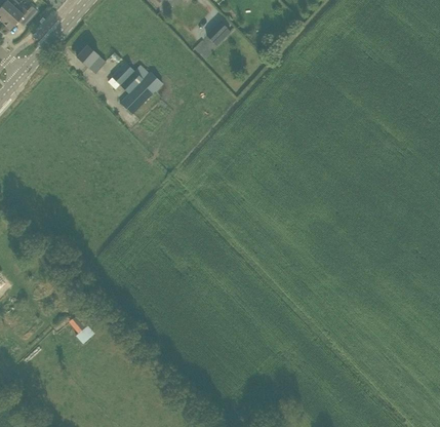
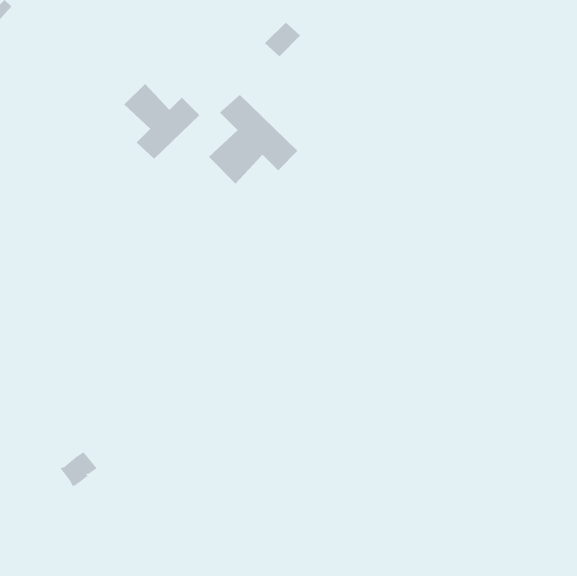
building: [76,44,105,73] -> none
building: none -> [208,94,298,184]

